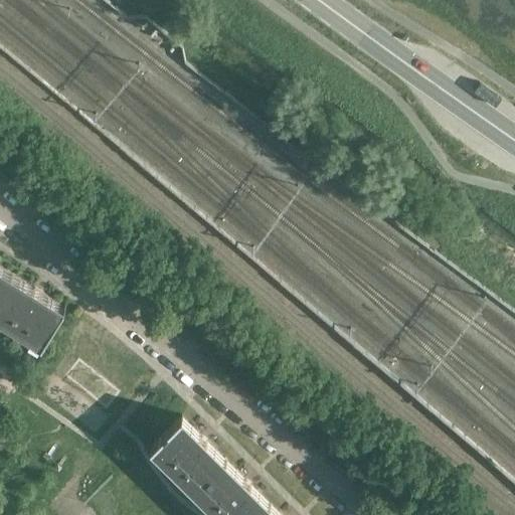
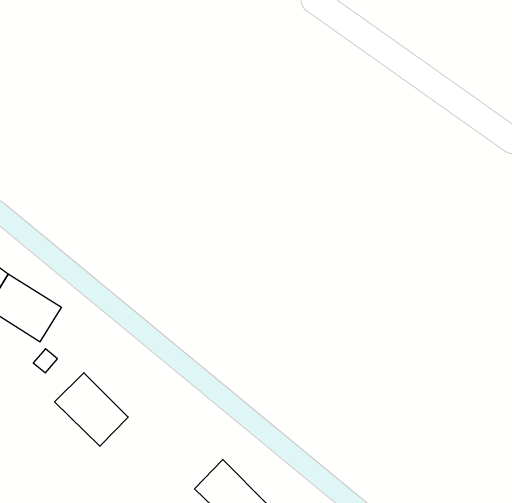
building: [149,426,222,500] -> [55,373,128,446]

